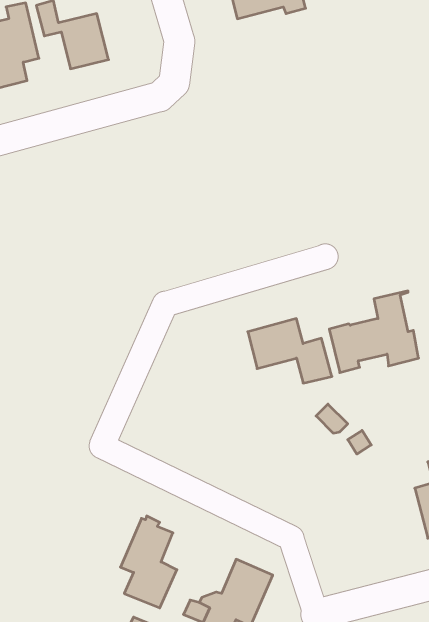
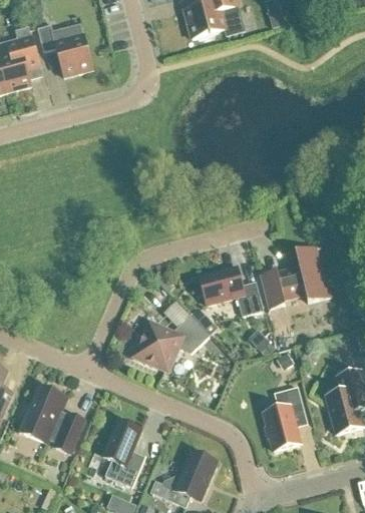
building: none -> [133,315,210,372]
building: none -> [19,385,85,453]
building: none -> [264,387,306,451]

